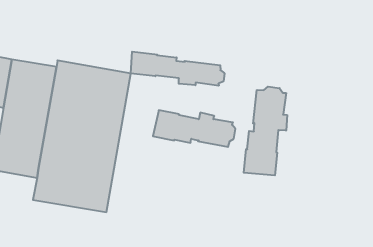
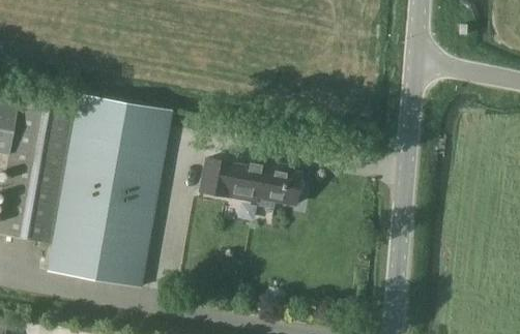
building: [131,52,224,86] -> none
building: [244,87,287,175] -> none

